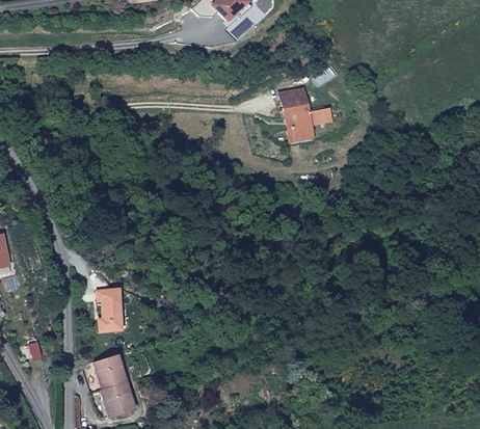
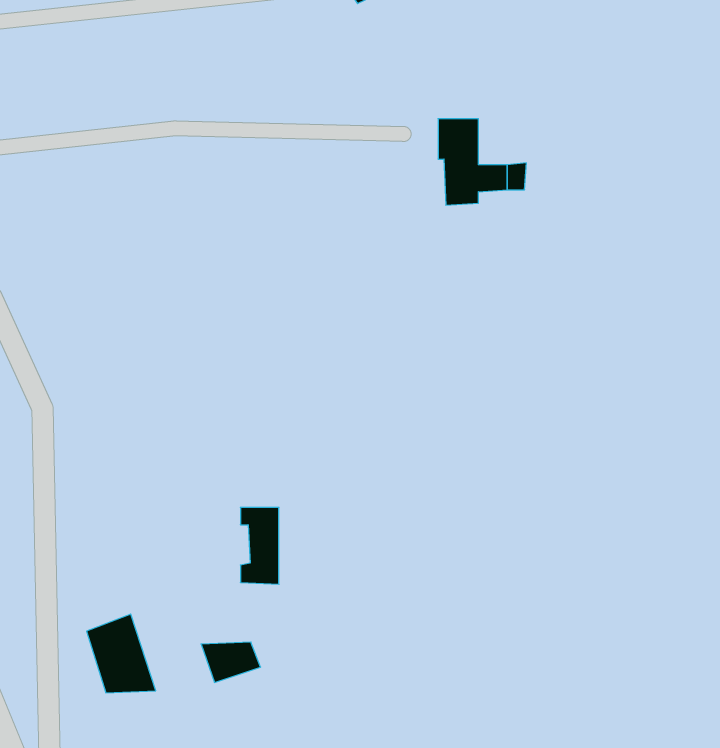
building: [102,290,123,331] -> [240,507,279,584]
building: [104,396,136,418] -> [201,642,261,682]

